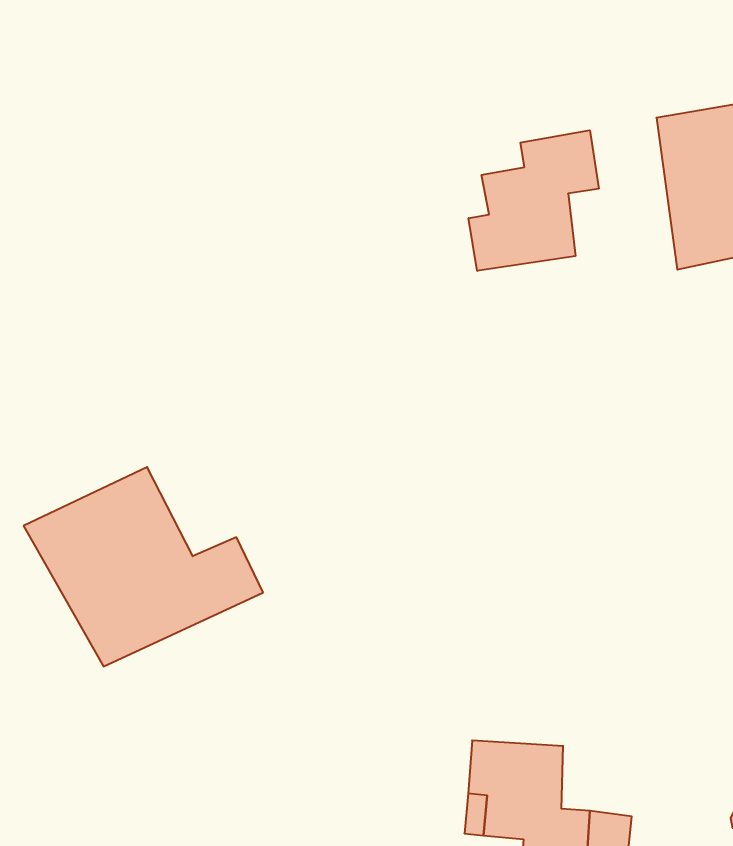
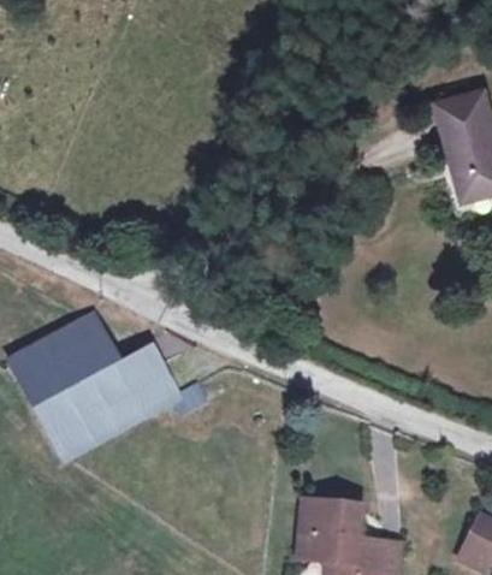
building: [469,130,599,271] -> none

